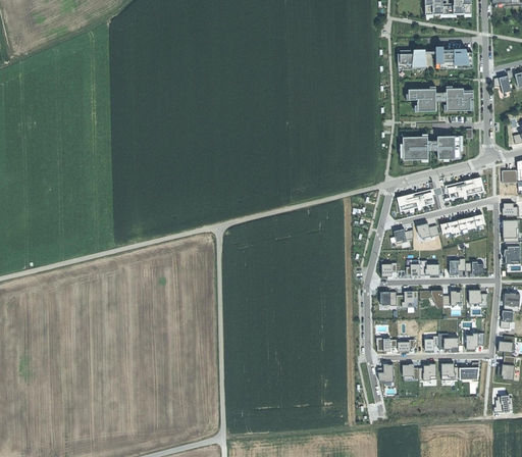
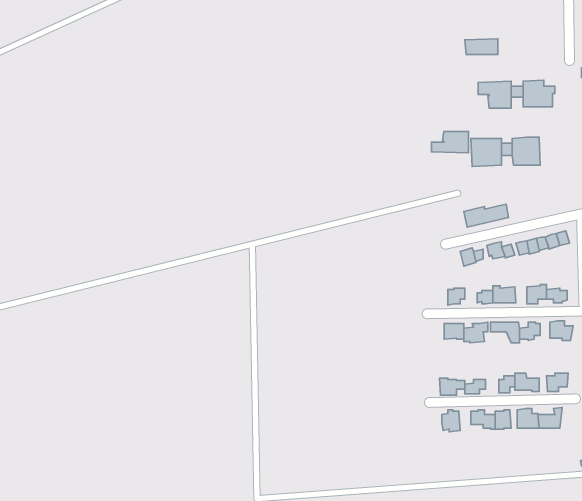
building: [435,52,472,68] -> none
building: none -> [432,132,468,153]
building: [447,176,483,199] -> none

